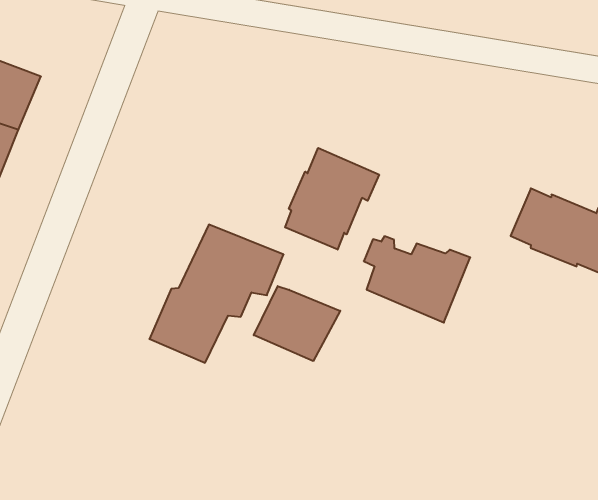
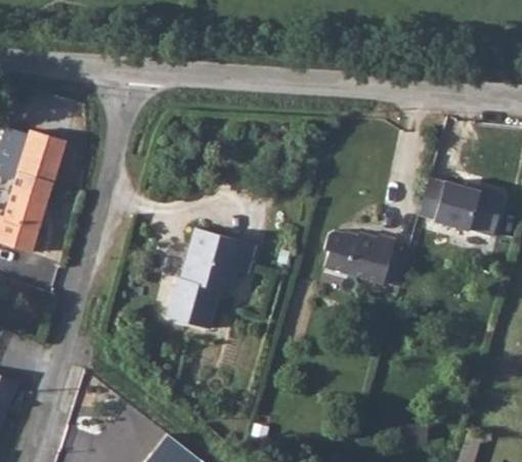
building: [285,148,379,250] -> none
building: [254,286,340,361] -> none

